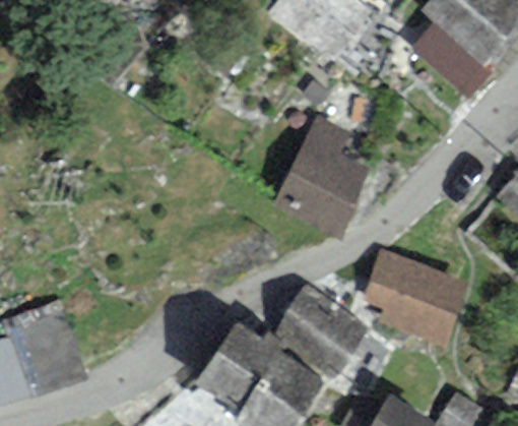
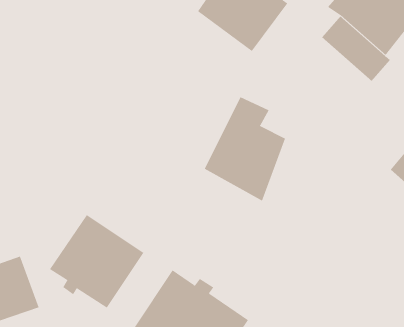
building: [362,248,469,345] -> none
building: none -> [49,214,144,308]
building: [274,286,369,379] -> none

